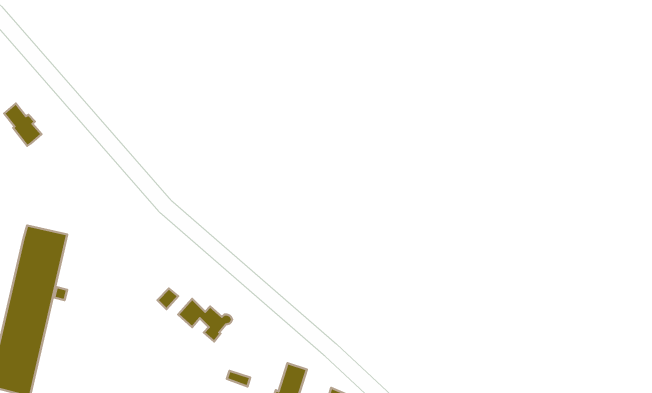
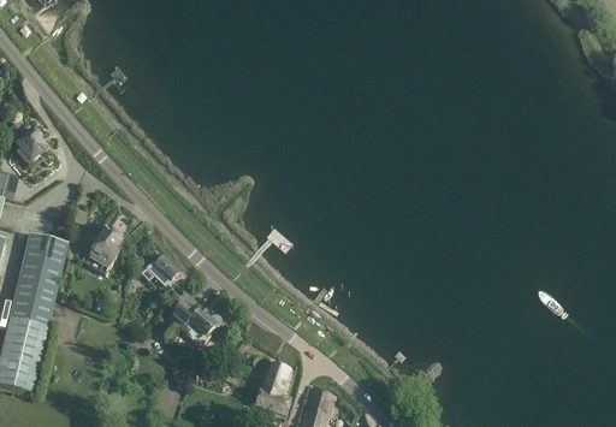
building: none -> [90,229,118,273]
building: none -> [146,254,180,285]

